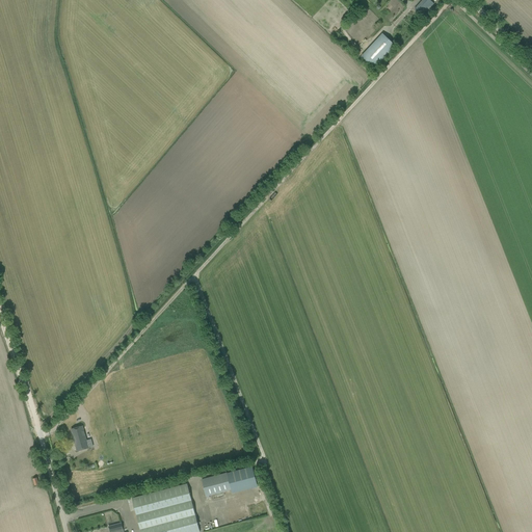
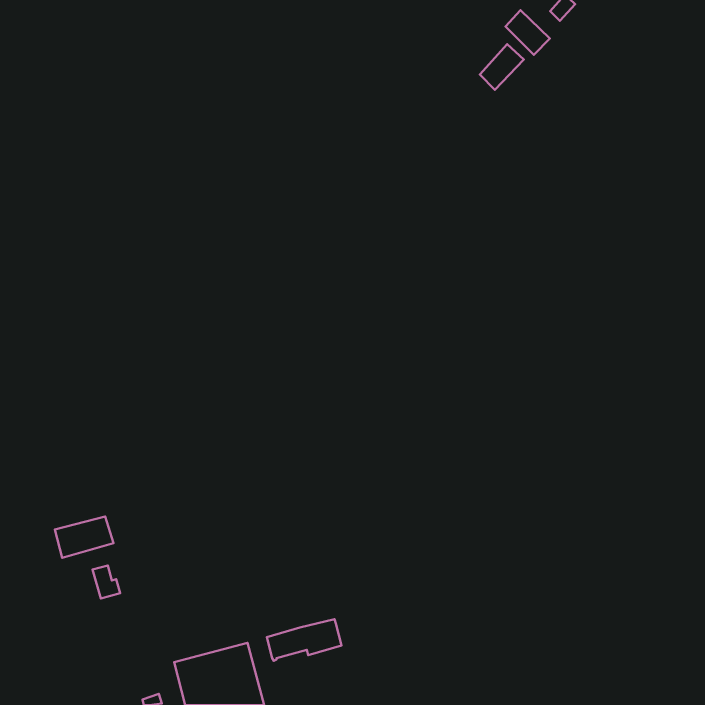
building: none -> [506,10,550,55]
building: none -> [55,516,113,558]

